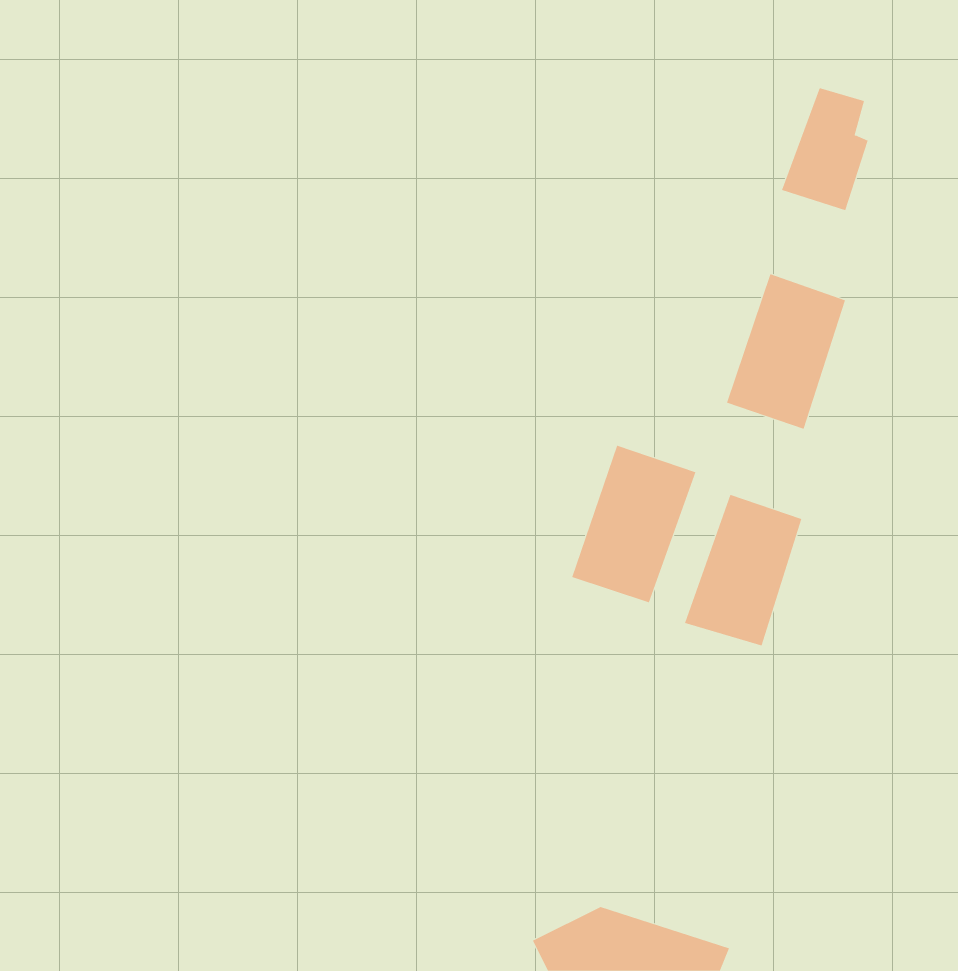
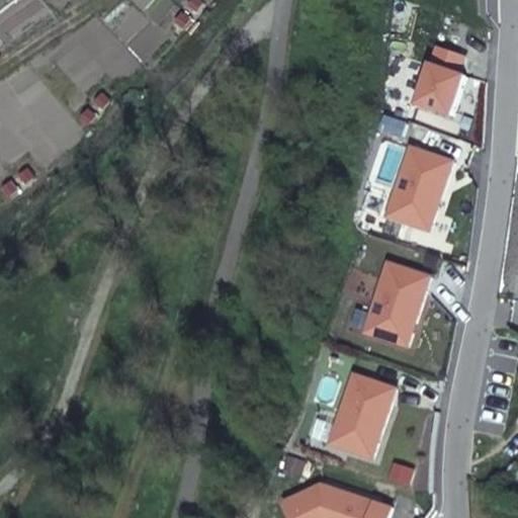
building: [571,445,696,603] -> none
building: none -> [331,373,394,456]

